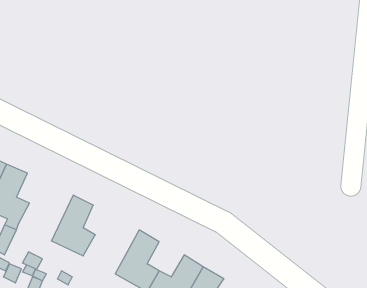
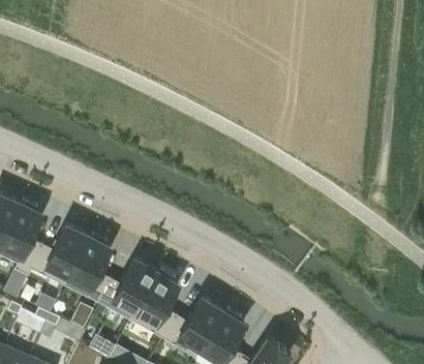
building: none -> [31,225,88,283]
building: none -> [98,262,156,317]

